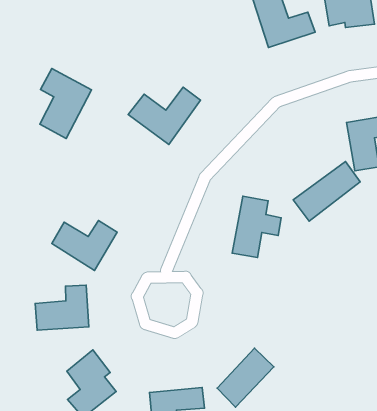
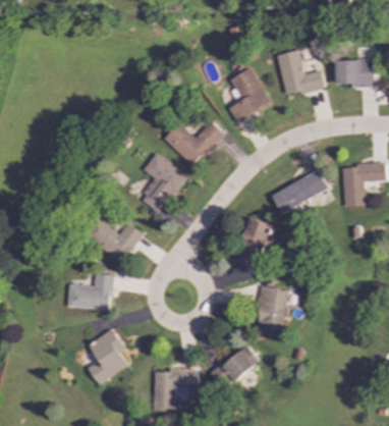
building: none -> [229,67,271,120]
building: [40,69,91,139] -> [141,153,186,212]
building: [293,161,360,221] -> [272,168,329,214]
building: none -> [257,285,288,338]

